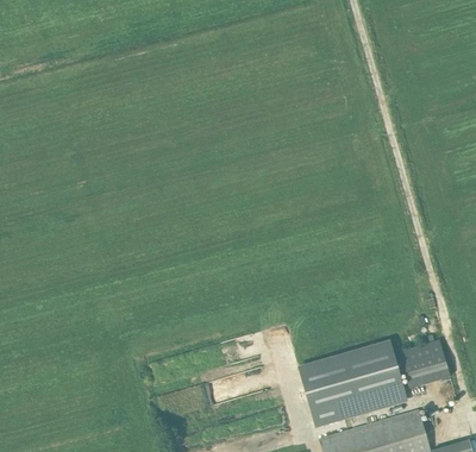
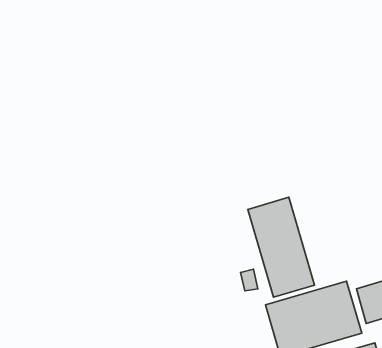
building: none -> [248,197,315,297]

